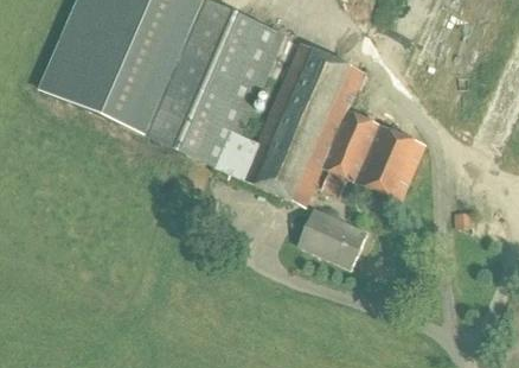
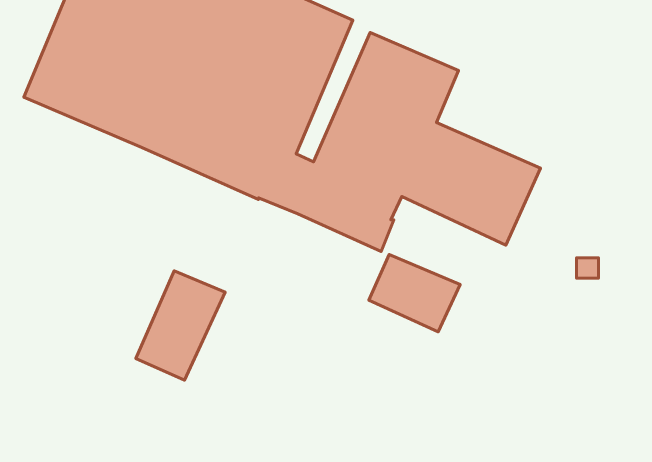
building: none -> [136,271,225,380]

